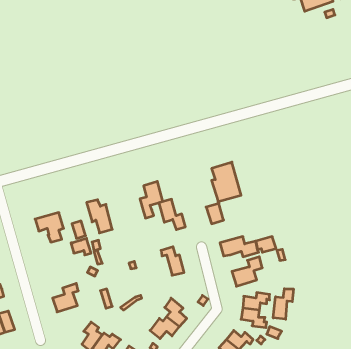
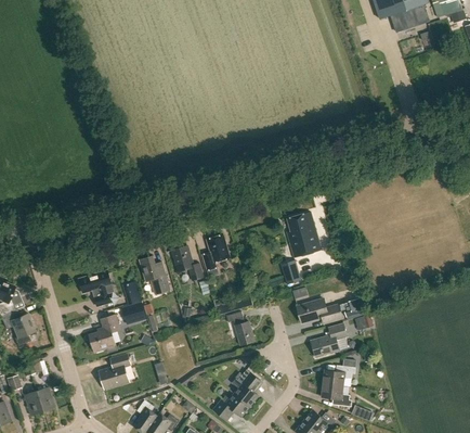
building: [159,199,185,230] -> [172,244,204,280]
building: none -> [91,314,120,353]
building: [273,289,293,319] -> none

